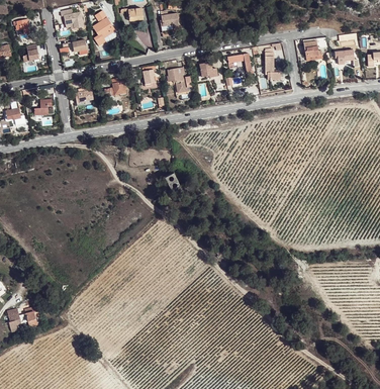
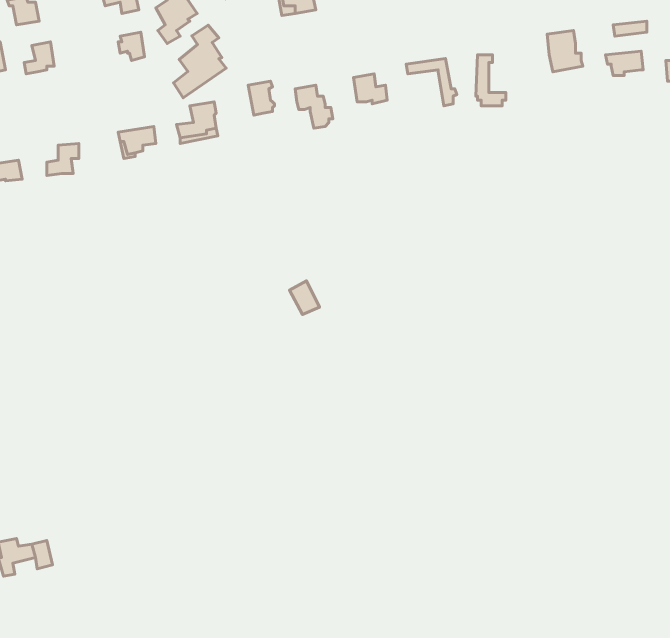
building: none -> [173,25,226,98]

